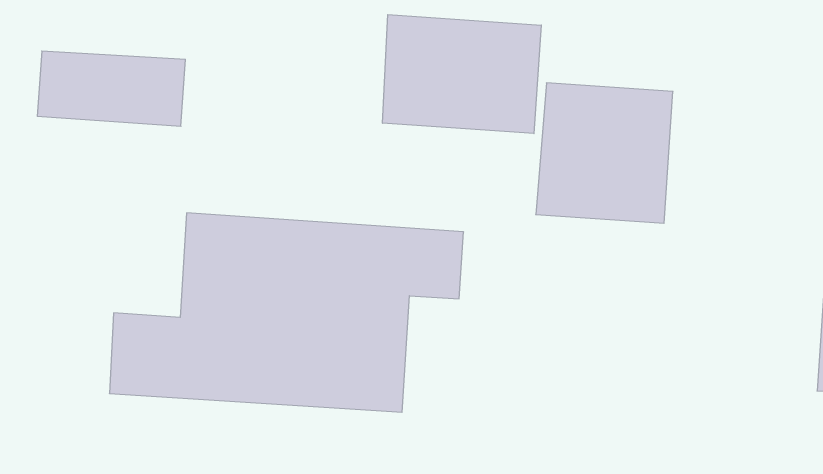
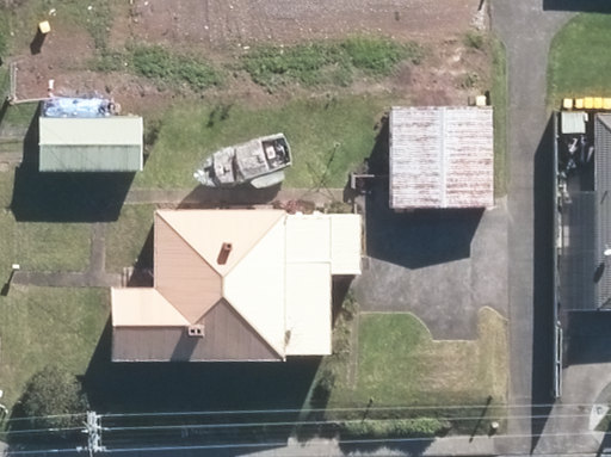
building: [383,15,541,134] -> none

